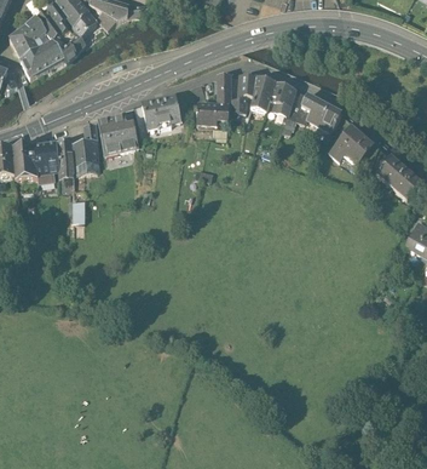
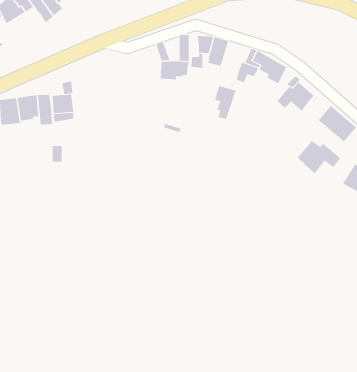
building: [21,40,64,76] -> none
building: [270,79,295,118] -> [214,85,237,119]
building: [143,95,179,127] -> none
building: [98,107,138,153] -> none
building: none -> [297,140,341,174]

